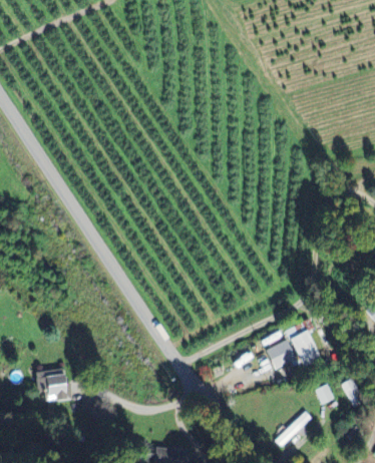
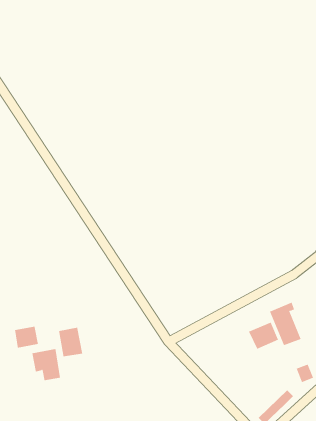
building: none -> [15,326,38,349]
building: none -> [58,327,83,357]

